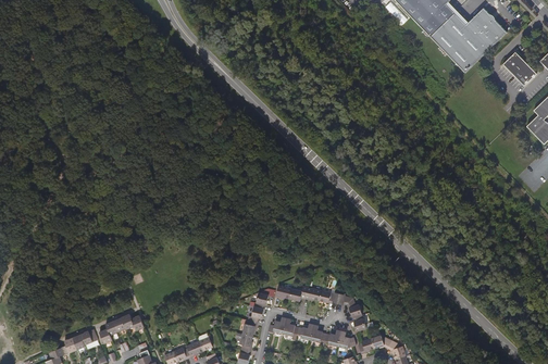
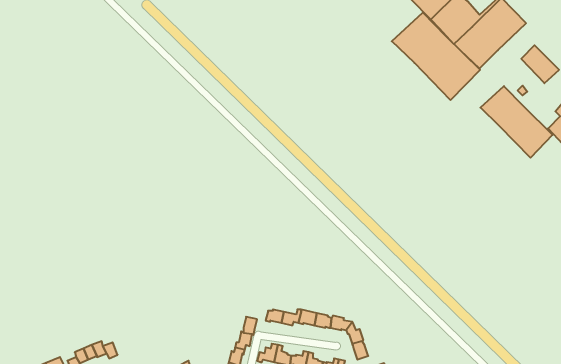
building: none -> [392,13,480,100]
building: none -> [480,86,553,158]

